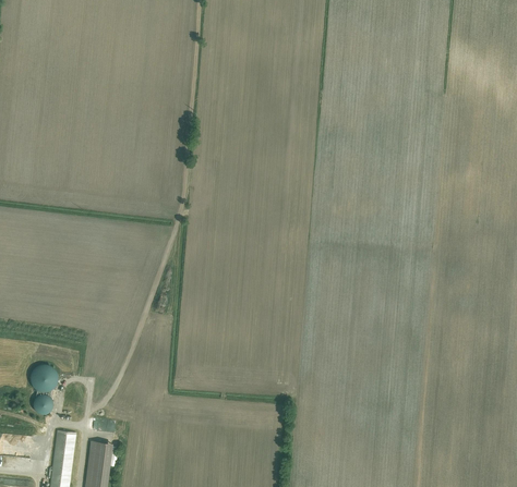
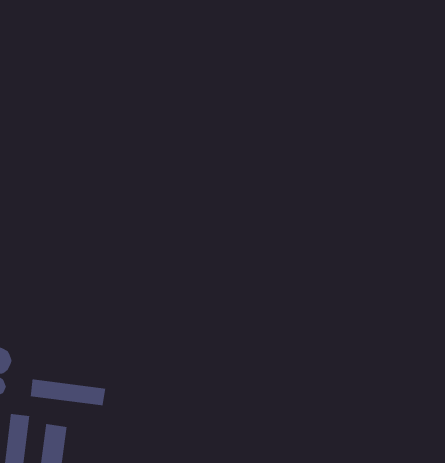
building: none -> [30,378,106,406]

